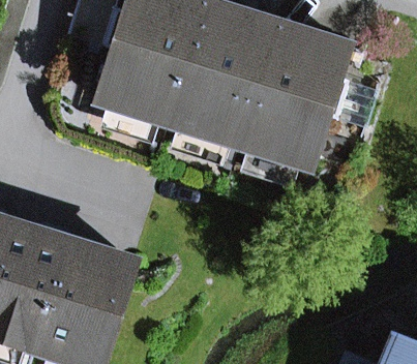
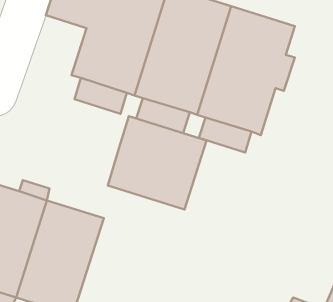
building: none -> [108,116,206,209]

